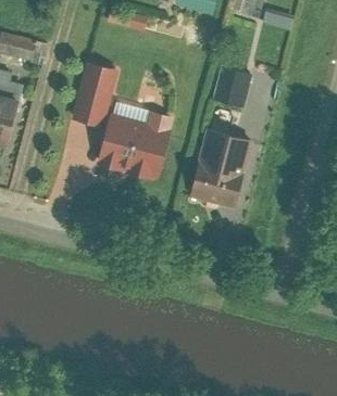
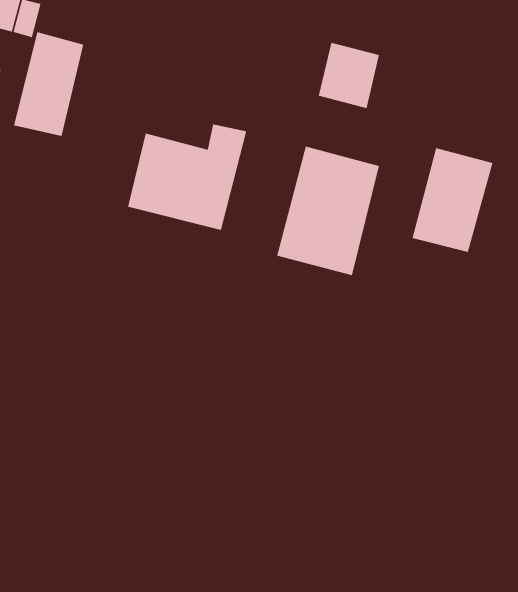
building: [72,65,114,128] -> [13,31,84,137]
building: none -> [412,147,494,253]

